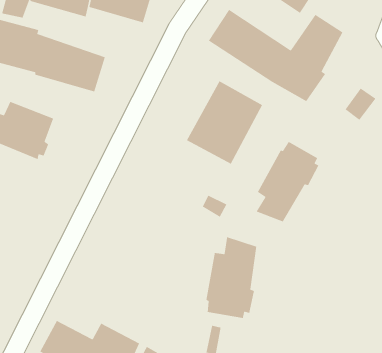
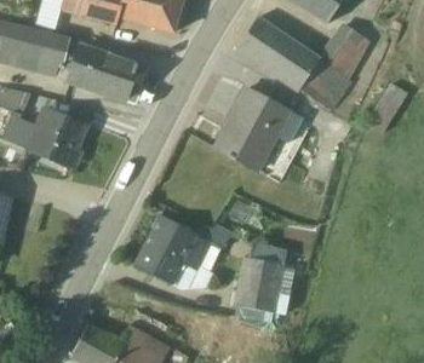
building: [256,141,320,222] -> none
building: none -> [134,214,231,288]

